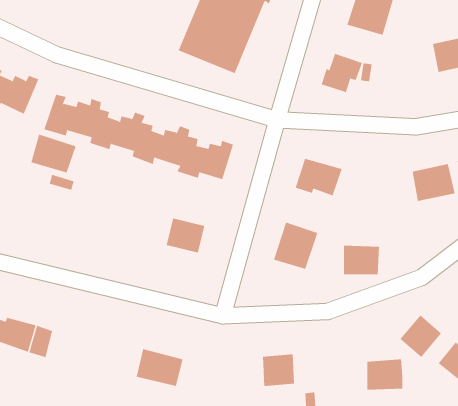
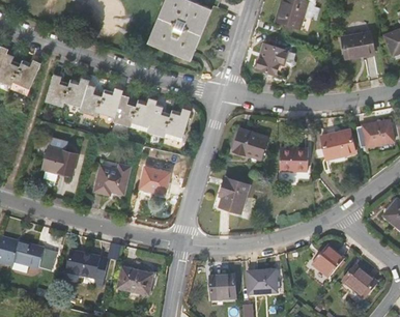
building: [30,134,77,173] -> [41,149,77,179]
building: none -> [89,165,127,196]
building: [343,245,380,275] -> [282,145,310,168]
building: none -> [61,252,105,291]
building: [367,359,403,390] -> [249,267,277,291]

